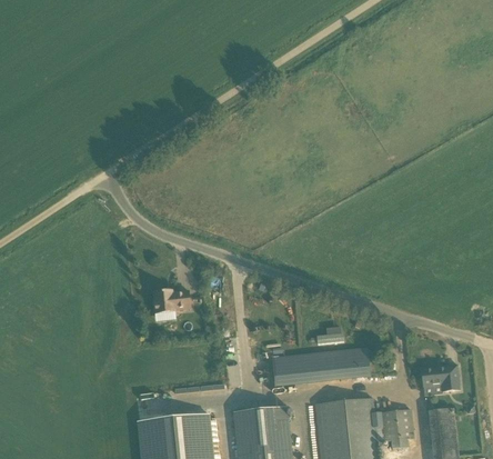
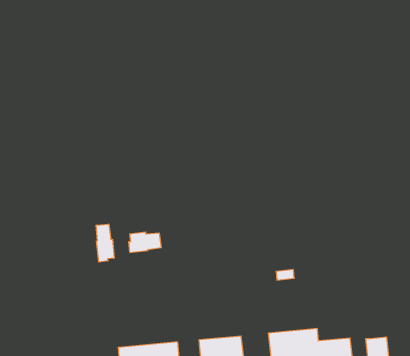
building: none -> [96,224,114,262]
building: [271,348,369,388] -> none
building: [420,367,449,388] -> none

